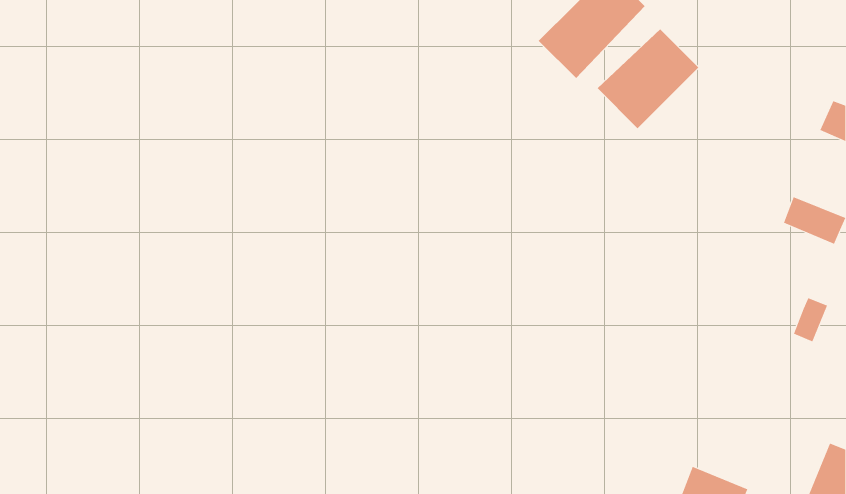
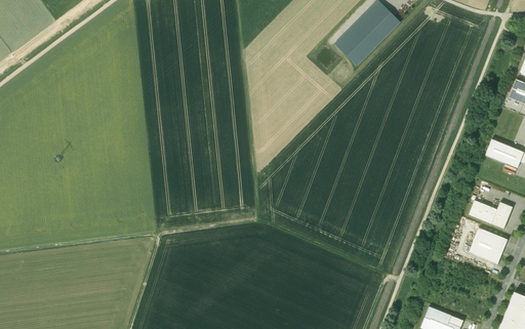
building: [597,28,699,129] -> none
building: none -> [469,201,497,224]
building: none -> [469,229,508,264]

